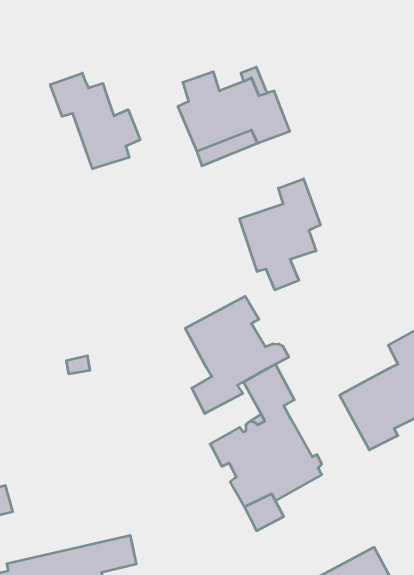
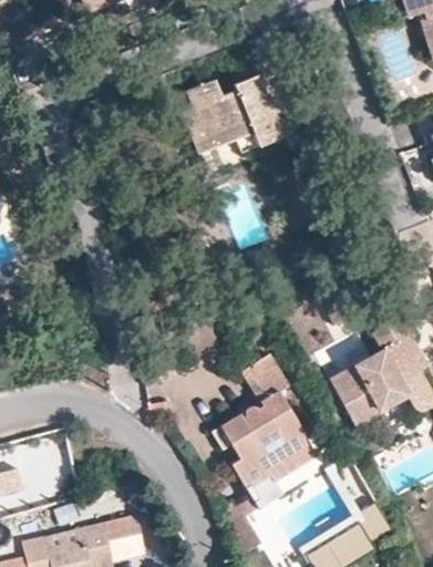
building: [50,73,140,169] -> none
building: [240,179,320,290] -> none
building: [185,296,289,414] -> none

